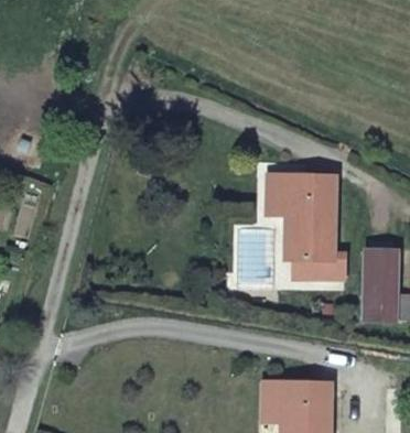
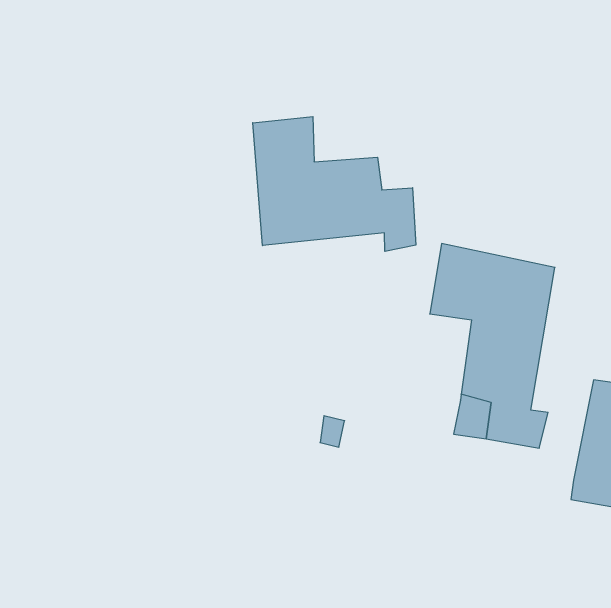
building: none -> [253,117,416,251]

